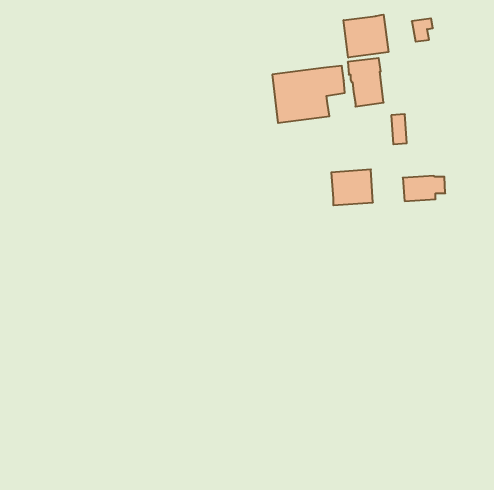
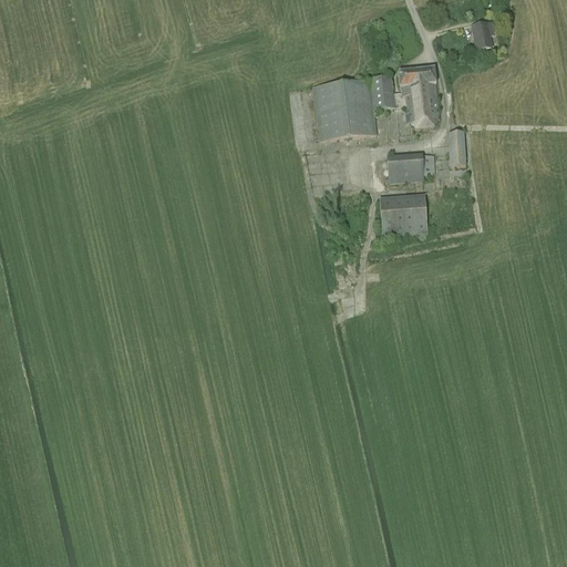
building: [344,15,388,58] -> none
building: [403,176,445,201] -> [386,153,435,182]

